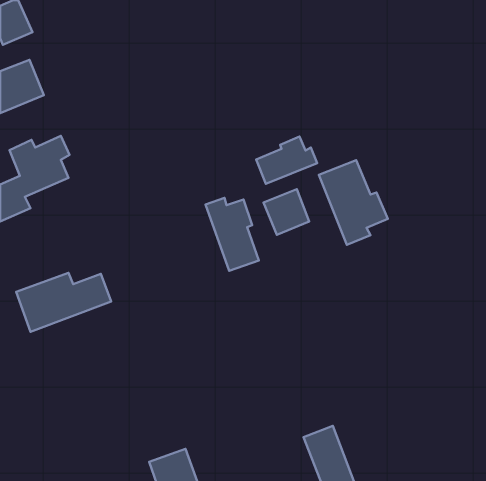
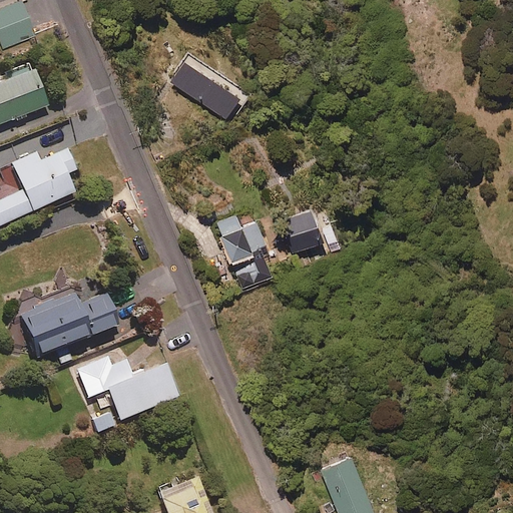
building: none -> [168,51,253,121]
building: [256,137,317,184] -> none
building: [319,160,388,245] -> none
building: none -> [74,358,176,435]

